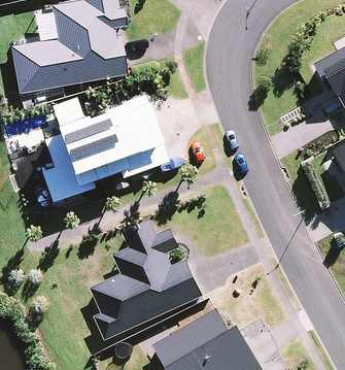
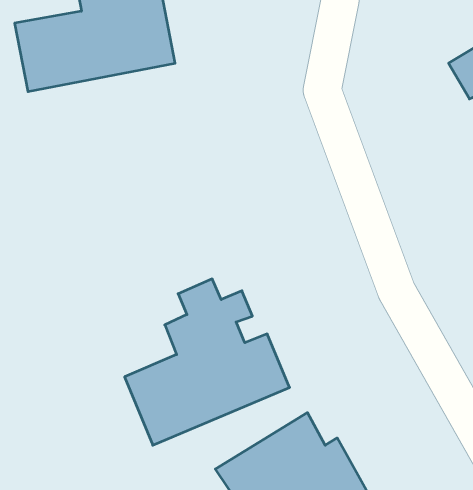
building: [40,93,167,202] -> none

